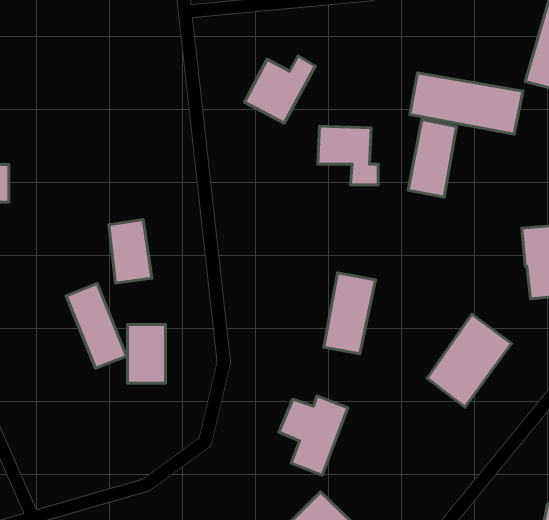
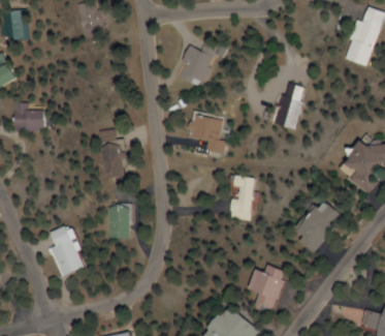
building: [410,73,523,134] -> none
building: [318,126,378,185] -> [195,116,231,151]
building: [66,284,126,368] -> [47,225,84,276]
building: [279,396,348,475] -> [246,268,287,315]

